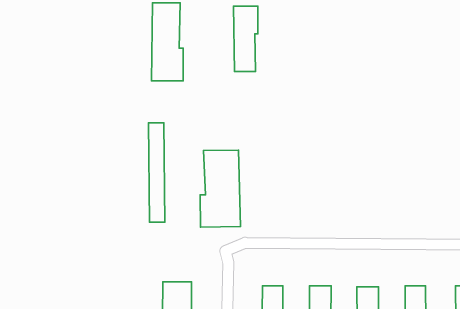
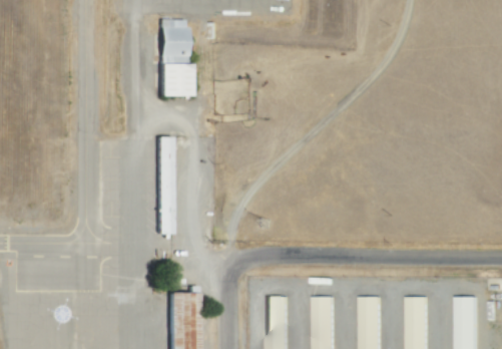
building: [234,6,258,71] -> none
building: [200,150,241,227] -> none

